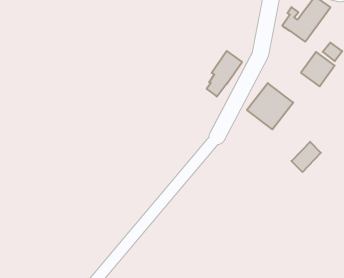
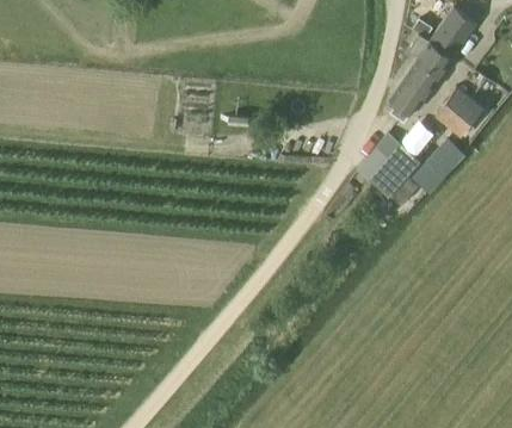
building: [207,51,242,97] -> [390,56,440,120]
building: [291,142,321,172] -> [422,138,464,181]

